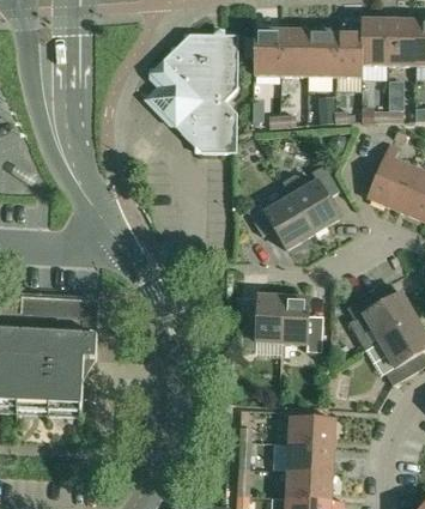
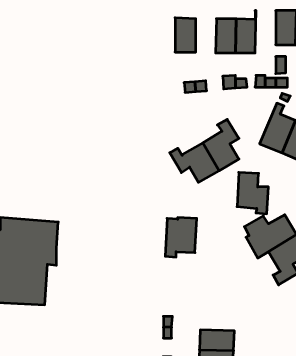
building: [360,19,388,75] -> none
building: [281,30,309,75] -> none
building: [148,34,237,151] -> none
building: [280,296,322,351] -> [237,172,268,214]
building: [287,416,335,446] -> none

